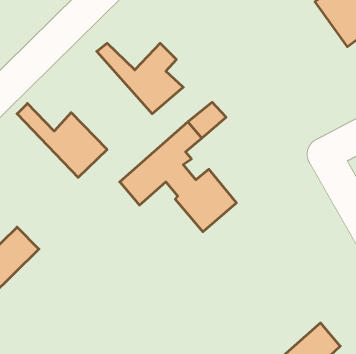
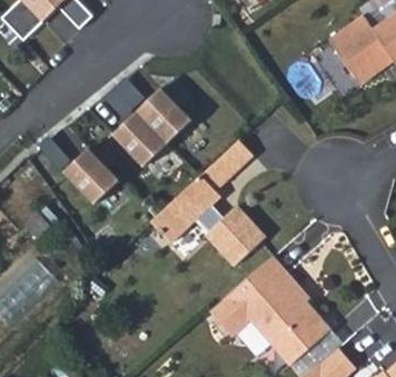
building: none -> [109,85,174,166]
building: none -> [222,255,330,366]

